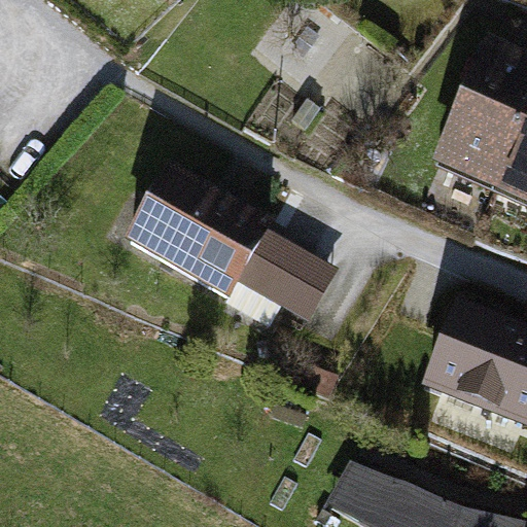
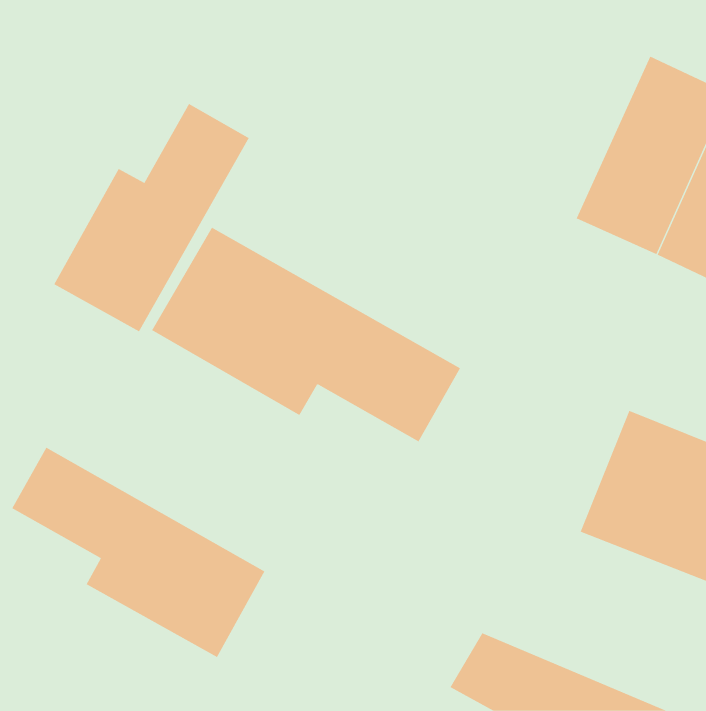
building: none -> [53,103,250,332]
building: none -> [11,447,265,658]

